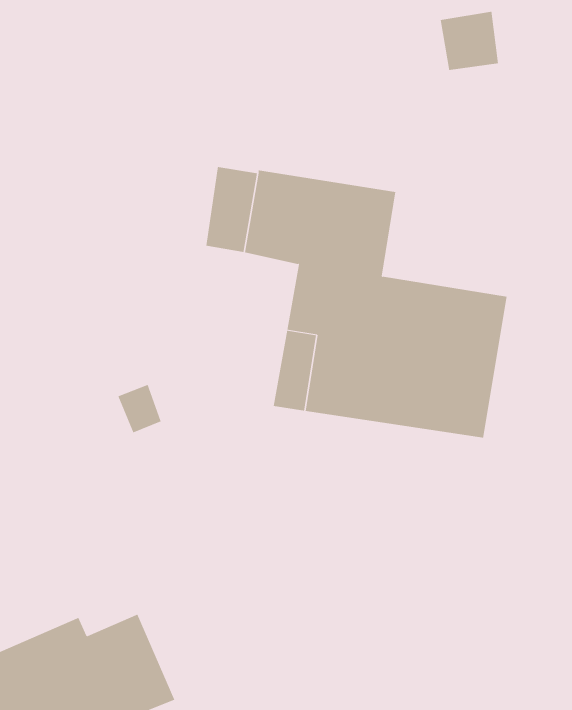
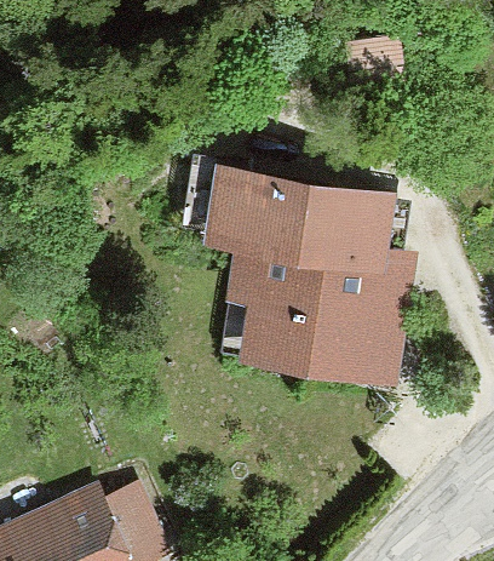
building: none -> [309,185,406,261]

